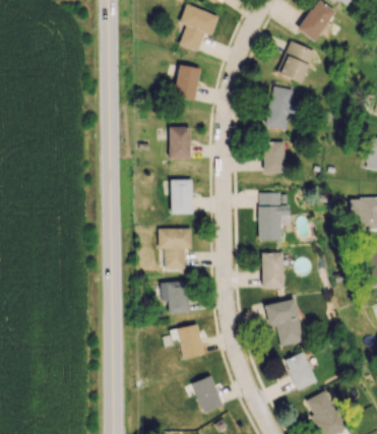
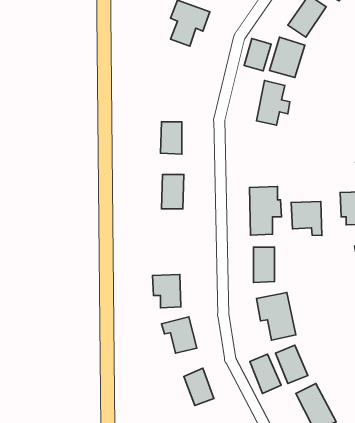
building: none -> [244,38,271,71]
building: [173,65,200,101] -> none
building: [263,141,286,174] -> none
building: none -> [291,201,322,235]
building: [159,228,191,268] -> none
building: none -> [250,354,281,394]

